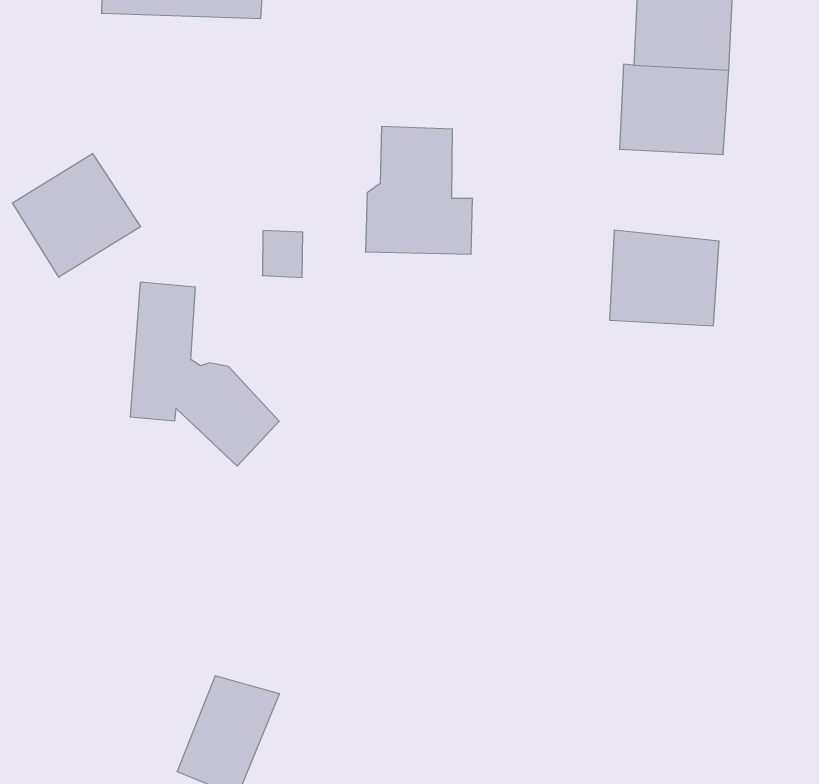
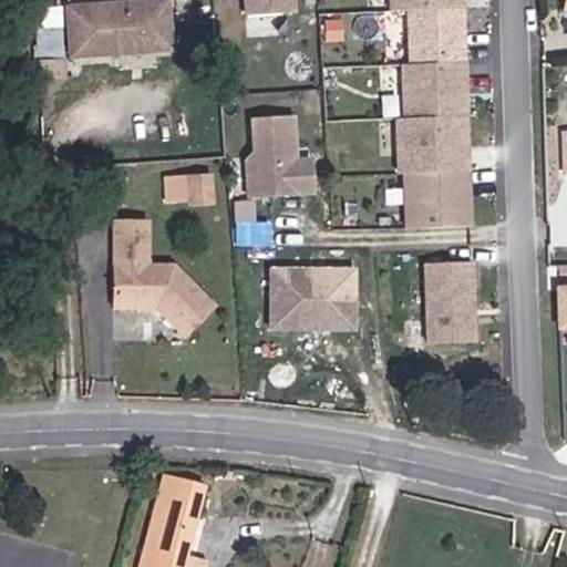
building: none -> [395,112,472,167]
building: [13,154,141,277] -> none
building: none -> [270,268,349,324]
building: none -> [424,258,475,340]

